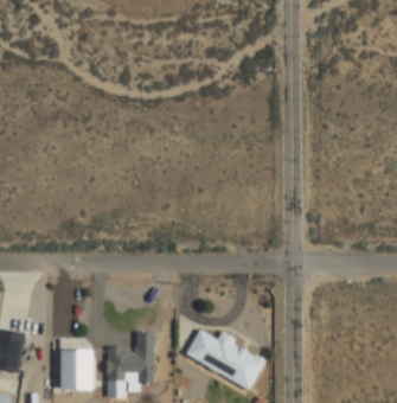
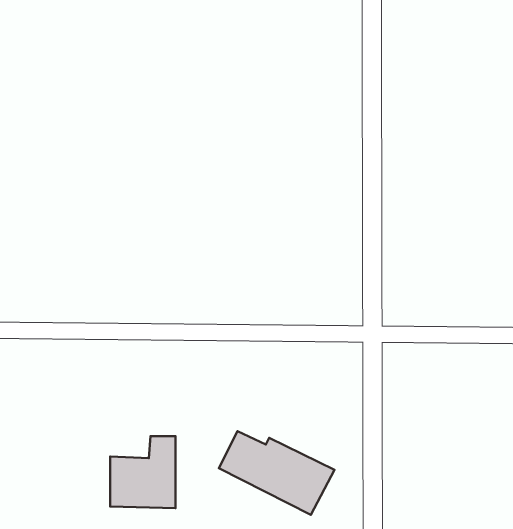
building: [59,350,91,389] -> none

